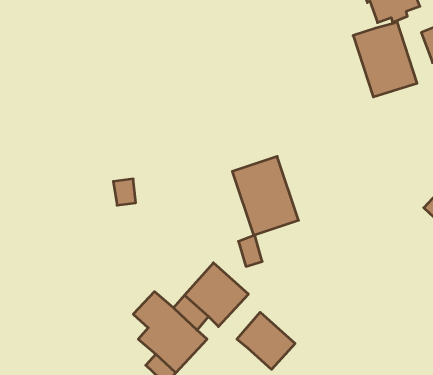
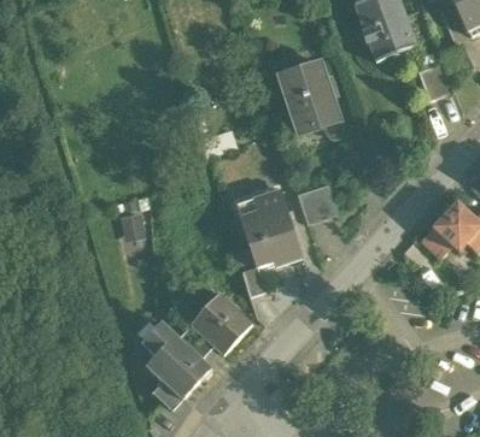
building: [353,21,417,97] -> [279,60,340,134]
building: none -> [298,184,338,224]
building: [237,312,295,369] -> none

